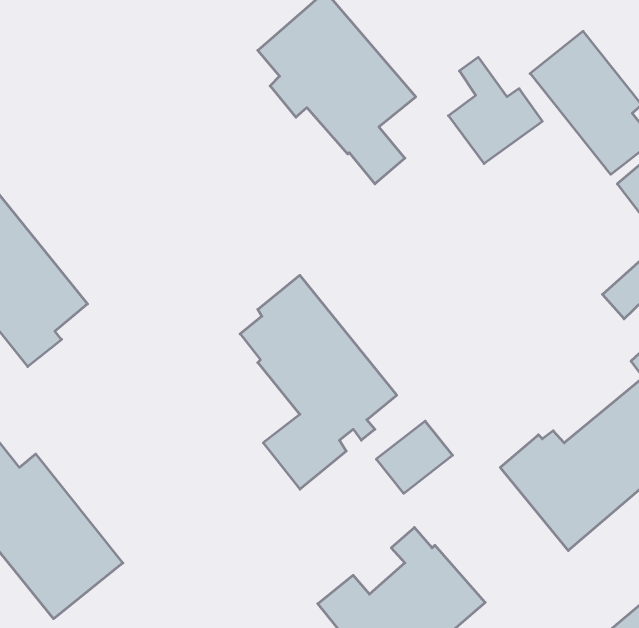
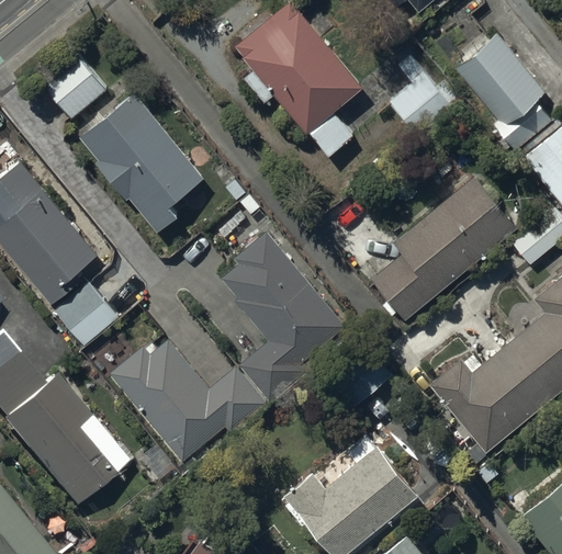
building: none -> [43,55,106,118]
building: none -> [80,92,204,234]
building: none -> [371,177,517,321]
building: none -> [54,281,119,346]
building: none -> [110,338,267,462]

